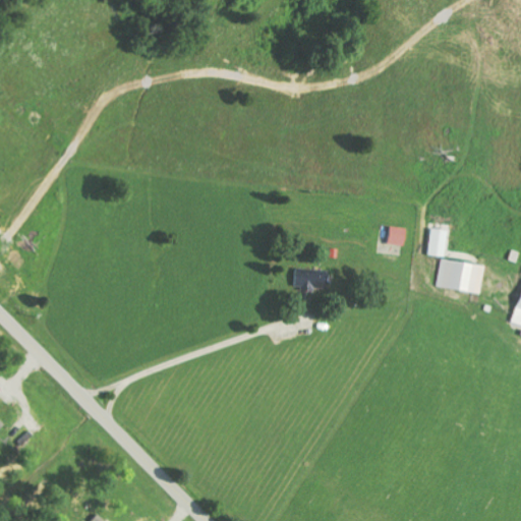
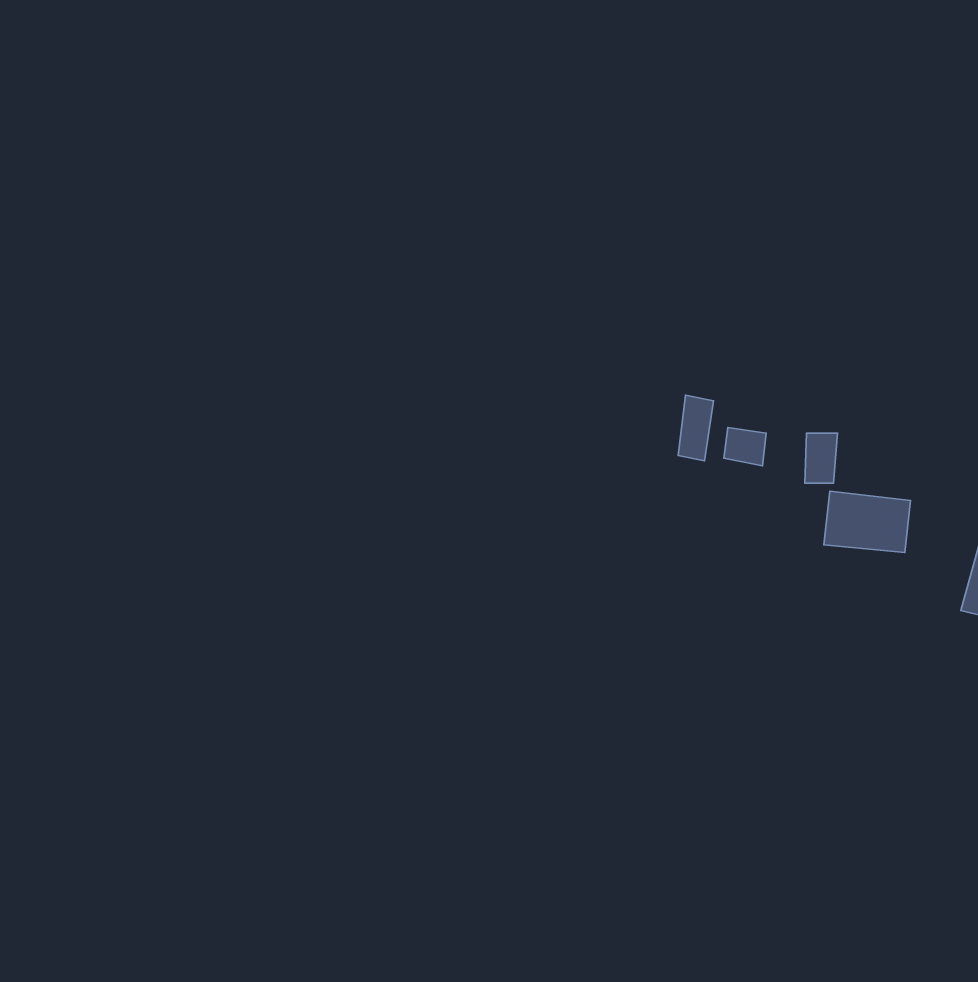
building: none -> [678,395,714,461]
building: [289,269,326,289] -> none

